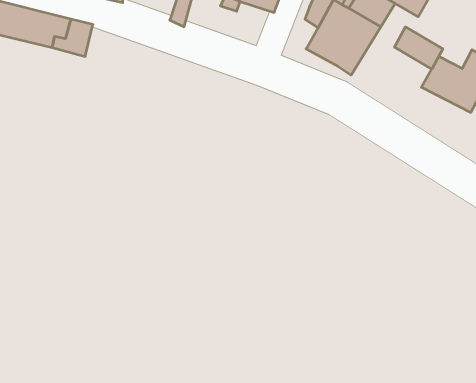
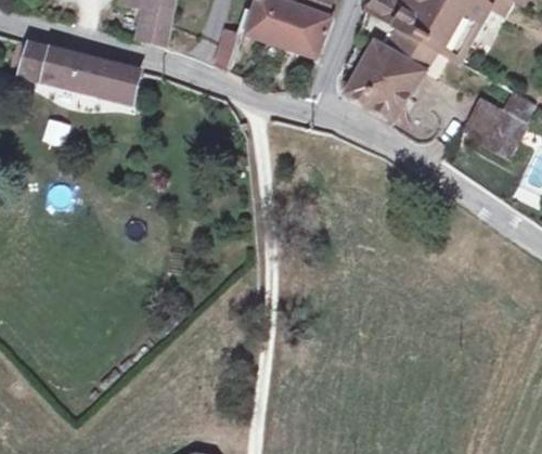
building: [395,27,443,69] -> none

